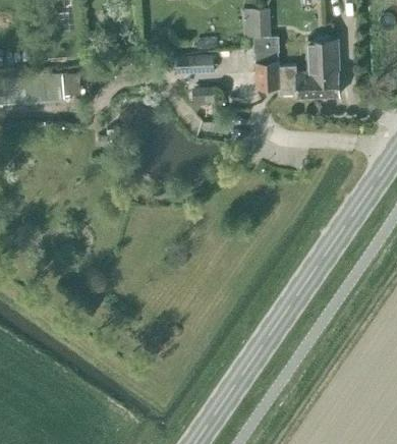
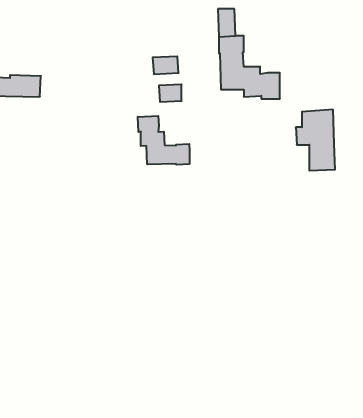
building: [300,38,339,98] -> [296,110,335,171]
building: none -> [138,116,190,165]

